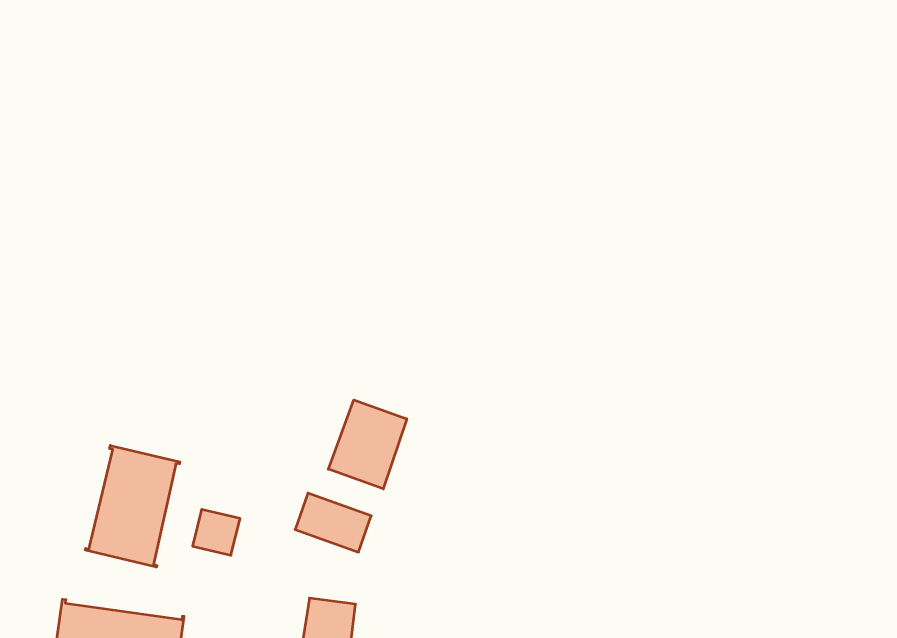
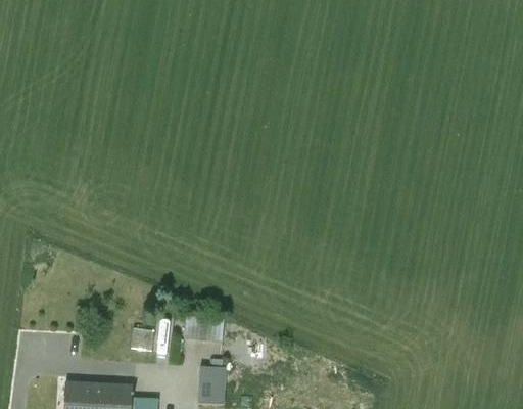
building: [328,400,407,489] -> none
building: [85,445,180,567] -> none

